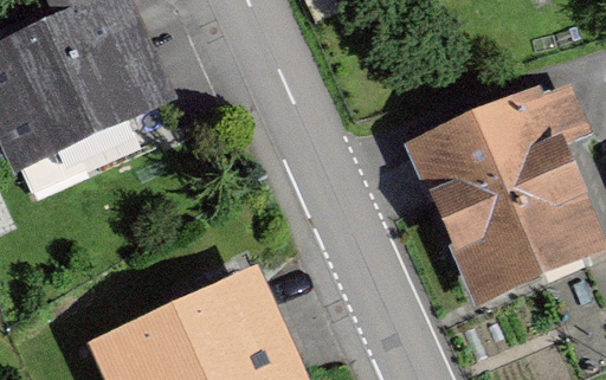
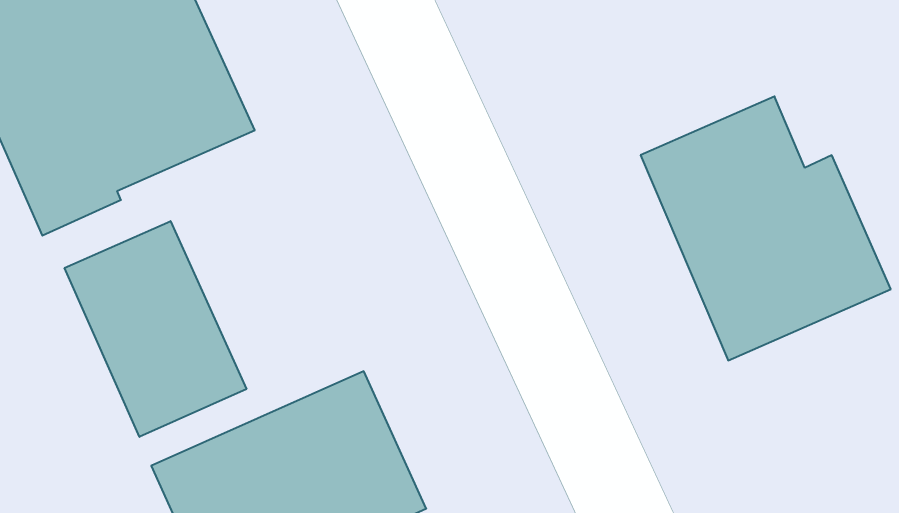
building: none -> [65,221,246,437]

